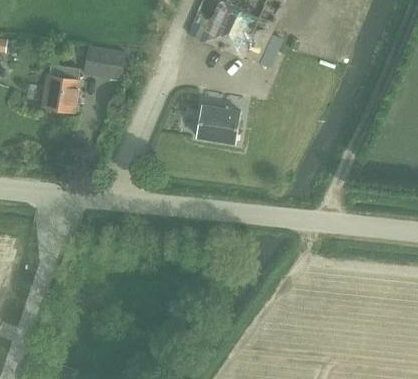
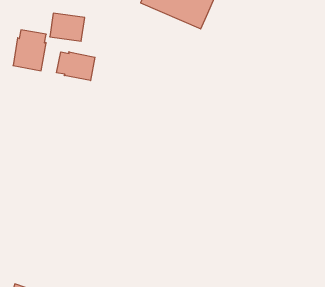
building: none -> [57,52,95,81]
building: [196,106,240,144] -> none

